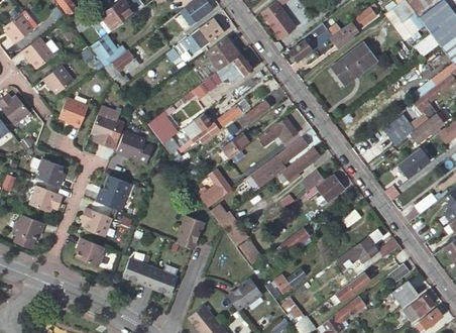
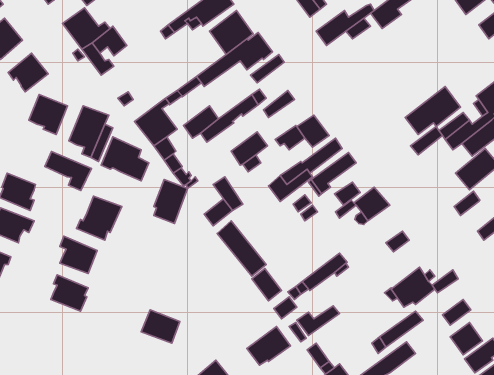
building: [331,43,374,81] -> [405,87,461,134]
building: none -> [45,152,91,190]
building: [183,219,209,253] -> [154,180,187,223]
building: [125,260,156,287] -> none

